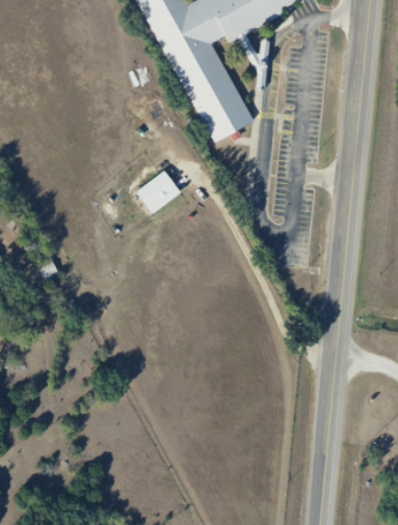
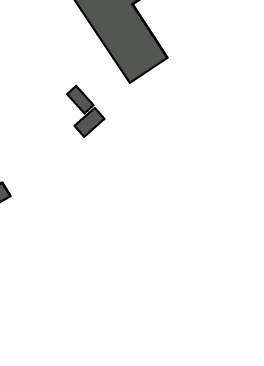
building: none -> [67,86,94,114]

